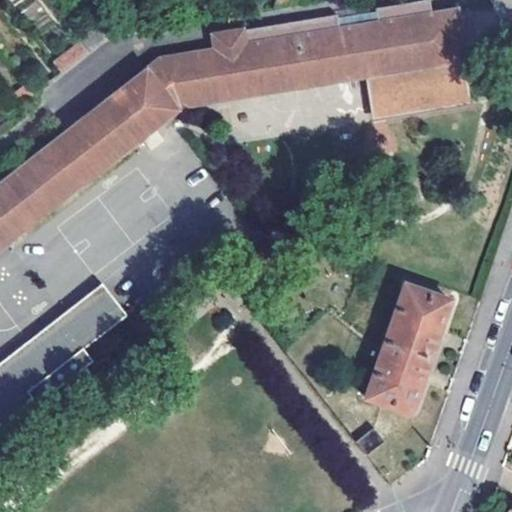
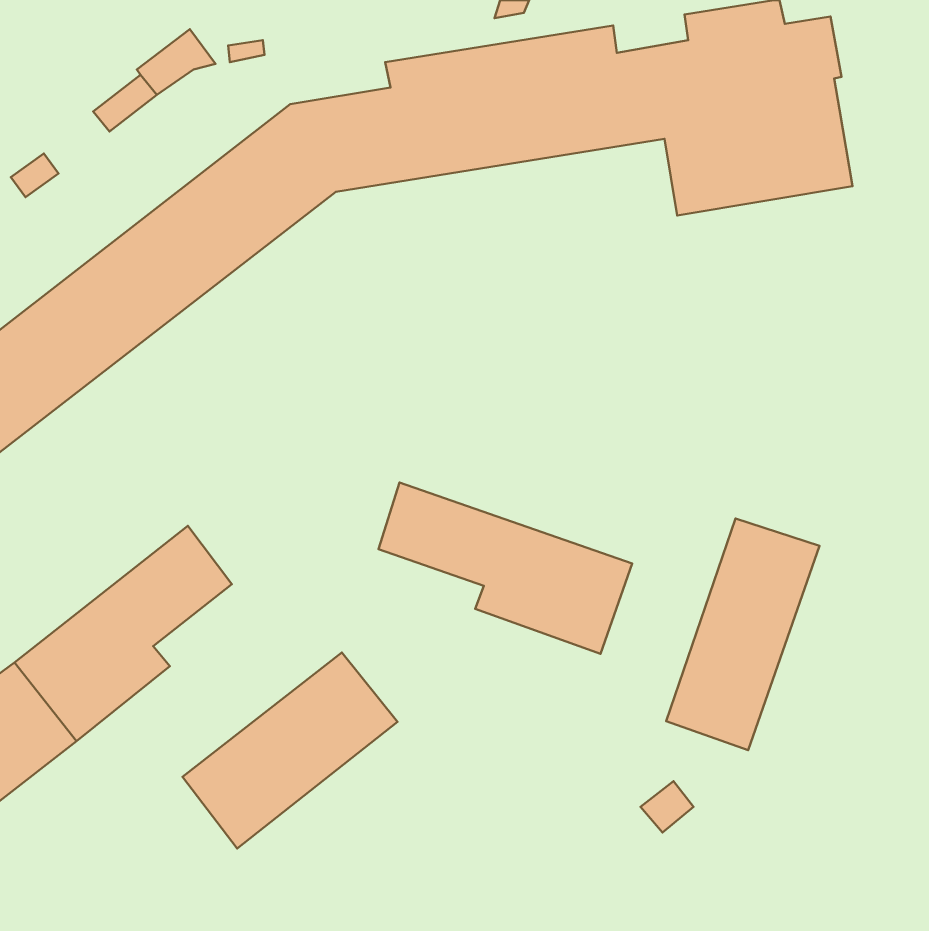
building: none -> [379,483,632,654]
building: none -> [183,652,398,849]

